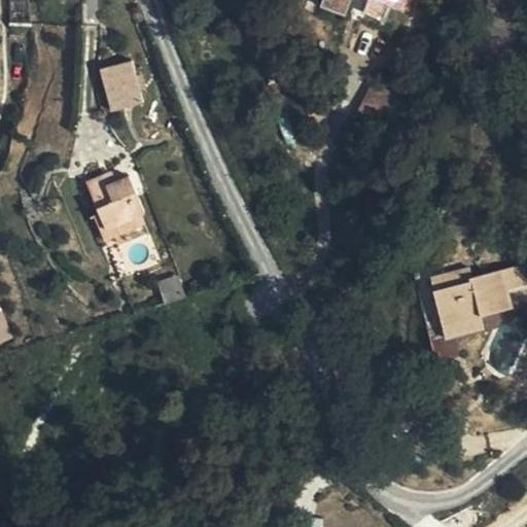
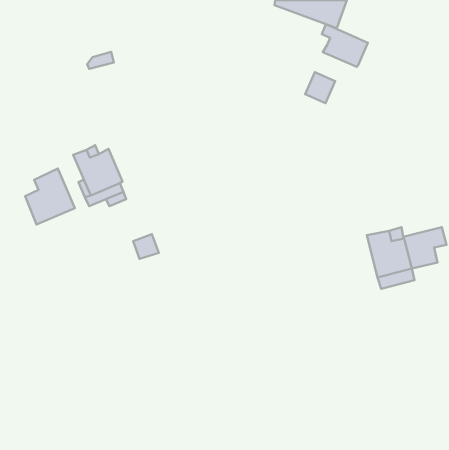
building: none -> [322,24,368,67]
building: [104,73,140,108] -> none
building: none -> [25,169,75,224]

